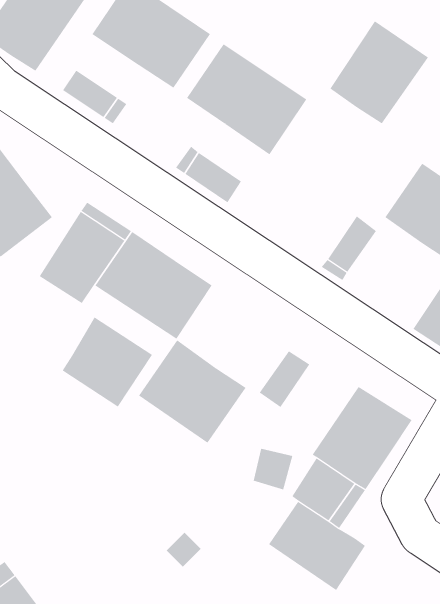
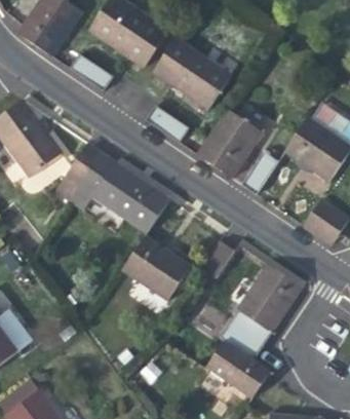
building: [330,20,429,124] -> [197,109,263,178]
building: [62,316,153,408] -> none

